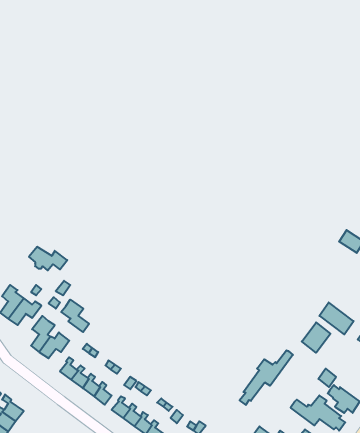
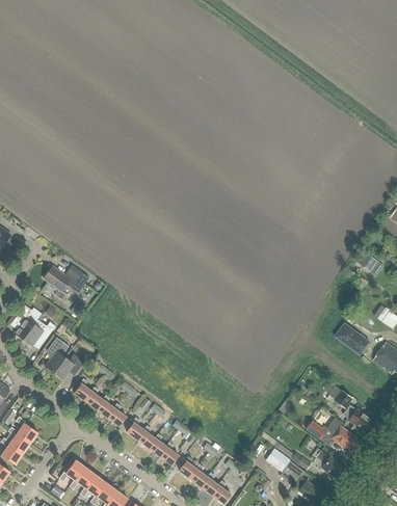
building: [61,300,89,332] -> none
building: [302,322,330,353] -> none
building: [240,350,293,405] -> none

